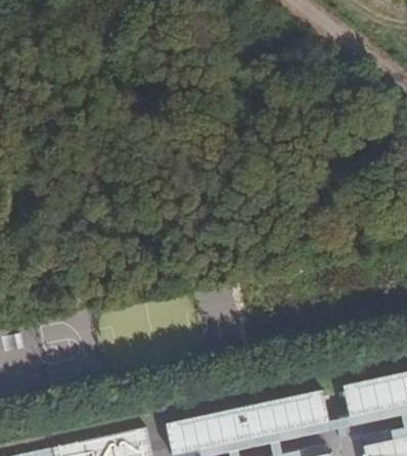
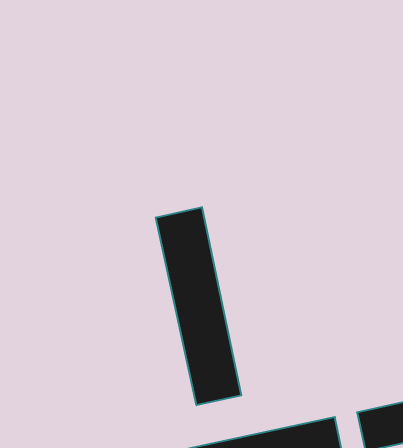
building: none -> [156,207,241,405]

